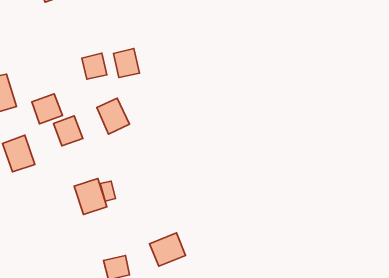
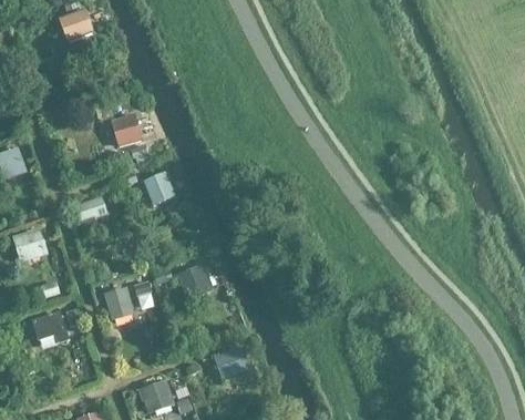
building: [114,49,140,77] -> none
building: [32,94,62,124] -> none
building: none -> [179,264,214,299]
building: none -> [32,309,70,340]

